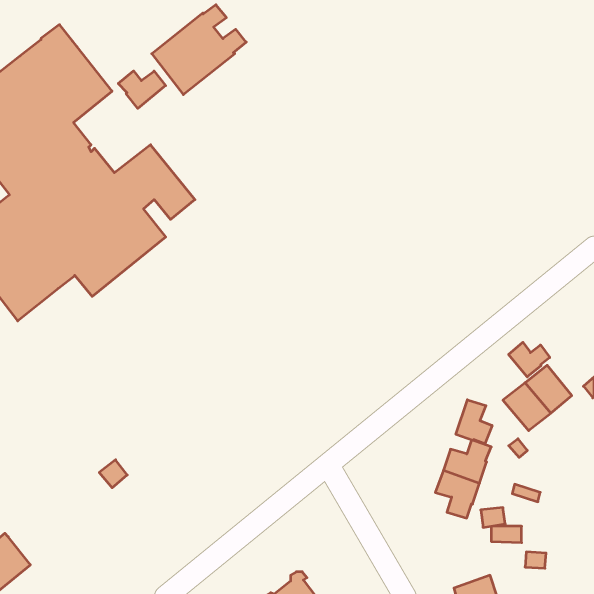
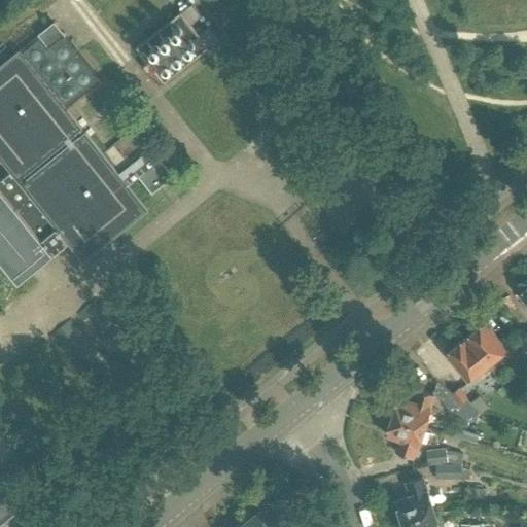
building: [118,71,166,108] -> none
building: [509,342,550,377] -> none
building: [456,400,492,444] -> none
building: none -> [393,478,432,521]

